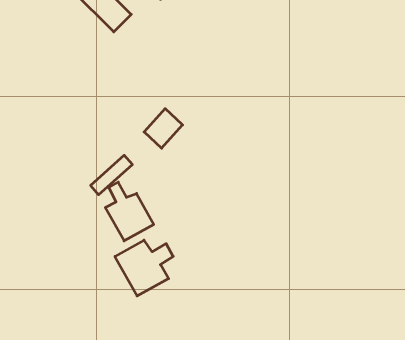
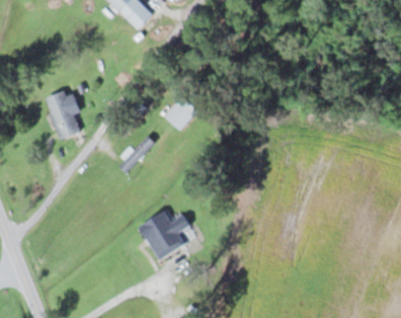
building: none -> [48,91,78,141]
building: [105,182,154,241] -> none

